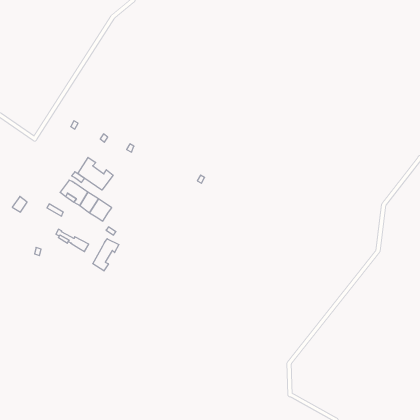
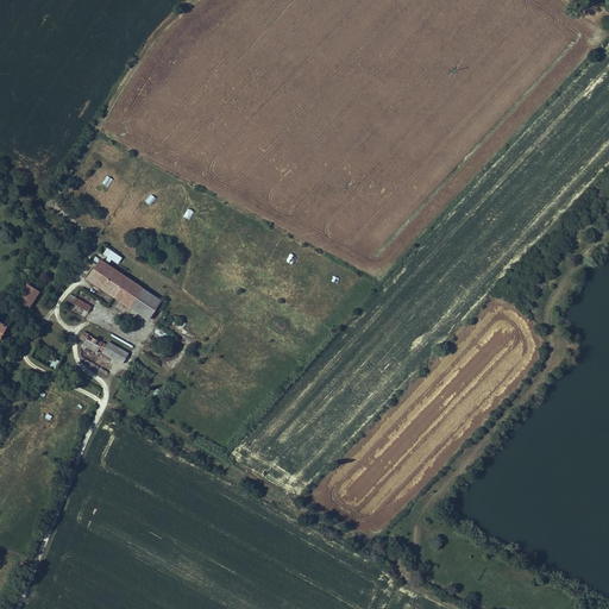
building: [78,157,113,190] -> none
building: [93,239,119,271] -> none

